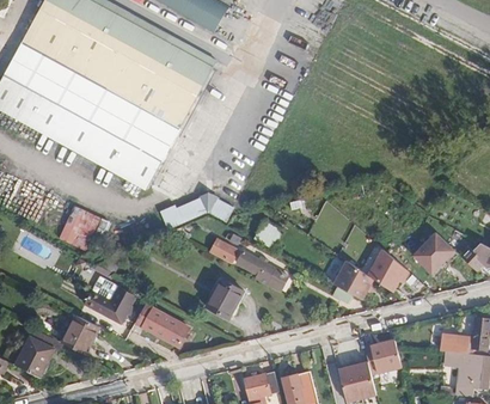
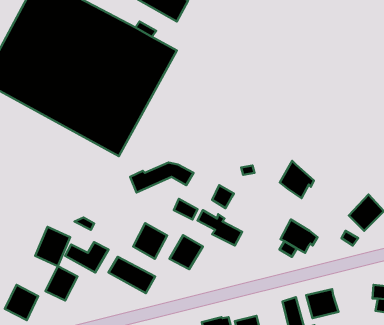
building: [59,204,99,250] -> [35,227,70,266]
building: [367,249,406,292] -> [280,161,314,198]
building: none -> [133,223,167,259]

